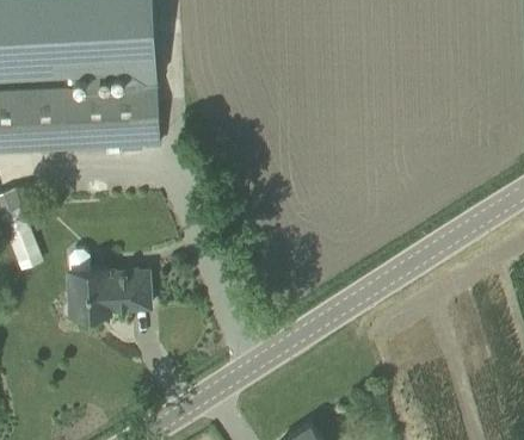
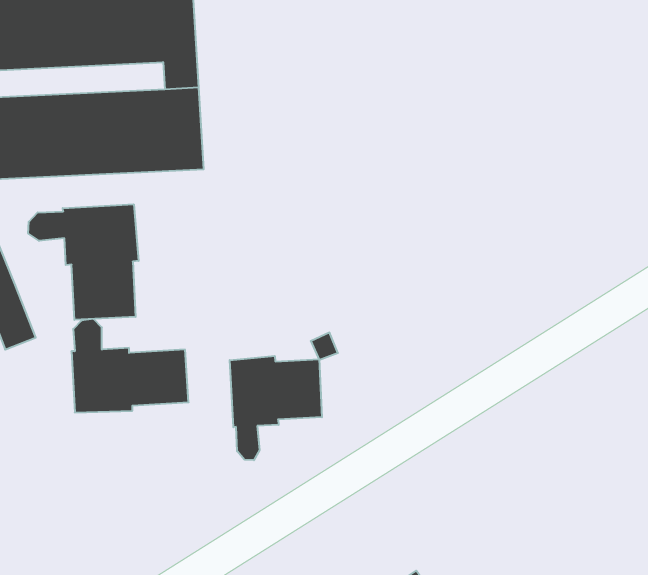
building: none -> [28,204,139,320]
building: none -> [230,356,322,460]

